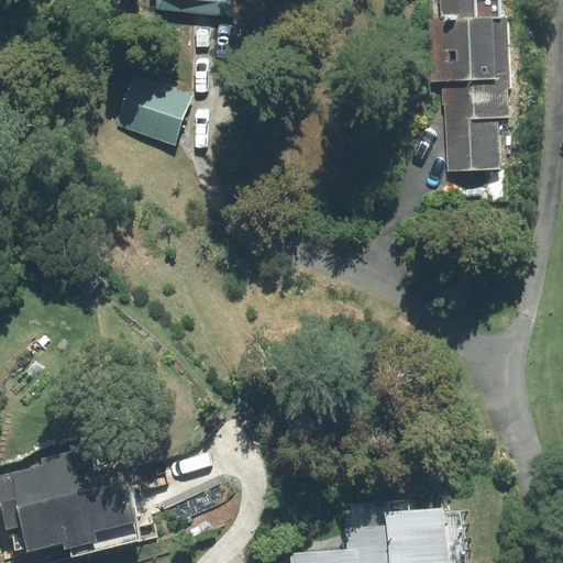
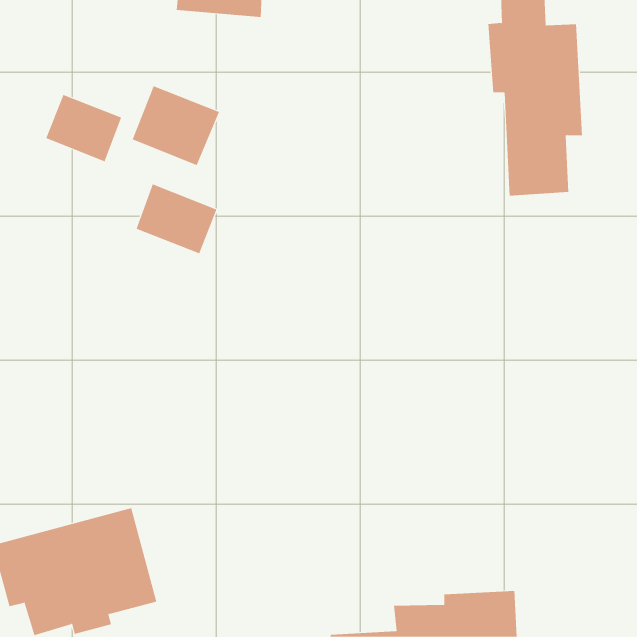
building: none -> [46,94,122,162]
building: none -> [136,184,217,254]

